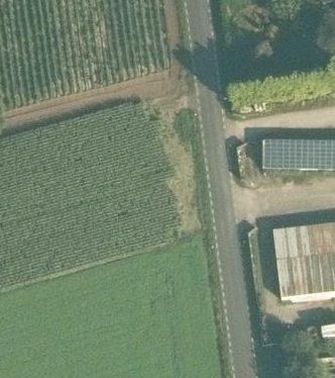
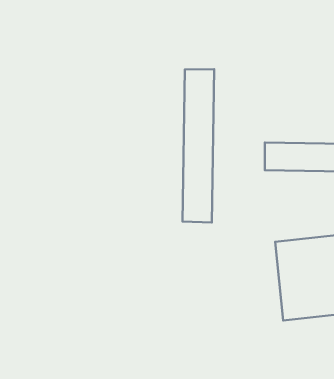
building: none -> [182,69,214,222]

